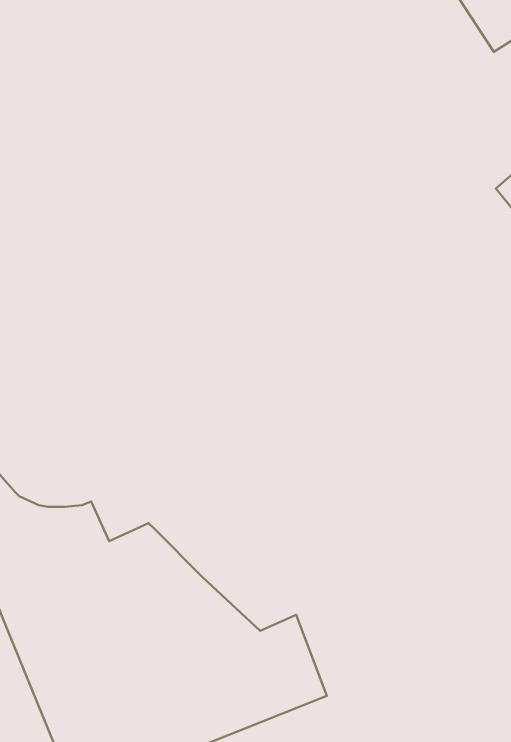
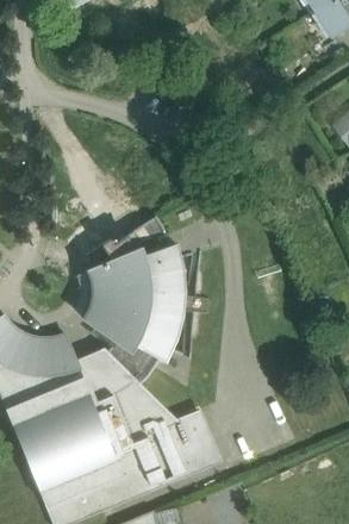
building: none -> [83,217,183,385]

